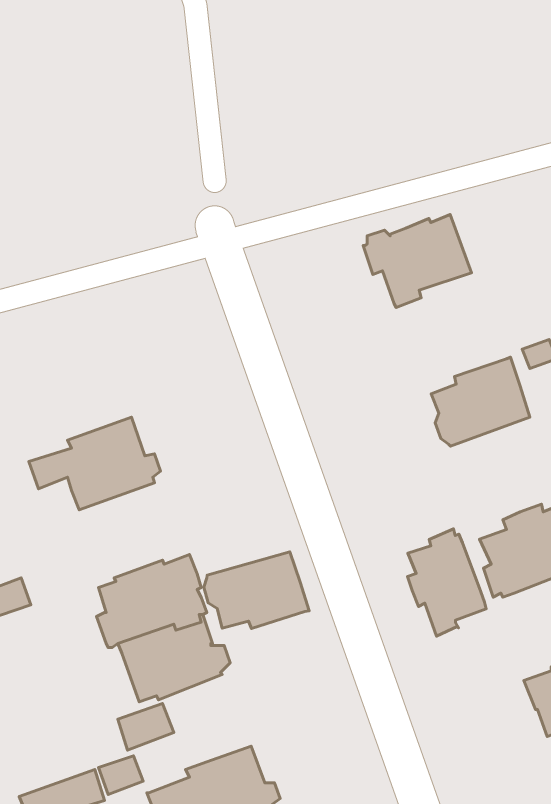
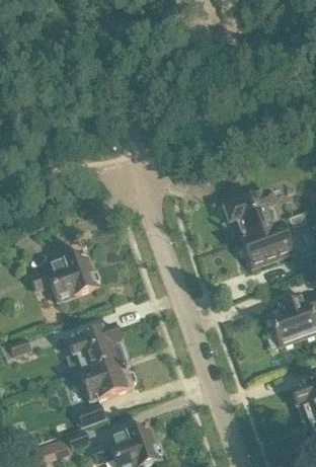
building: [363,215,471,308] -> [225,191,282,240]
building: [408,529,486,636] -> none
building: [204,552,309,629] -> none

